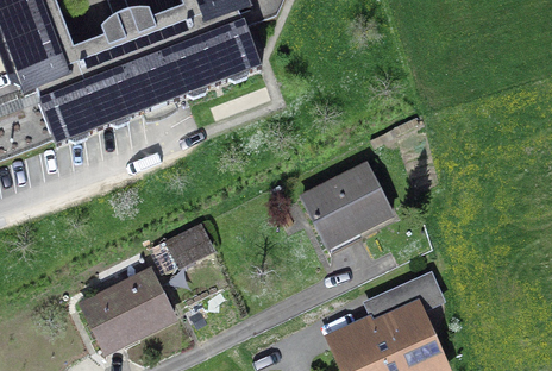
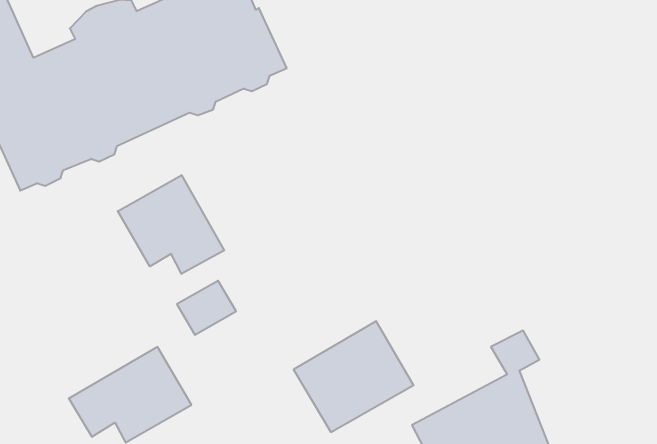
building: none -> [118,175,224,274]
building: [301,162,390,243] -> [294,321,414,432]

